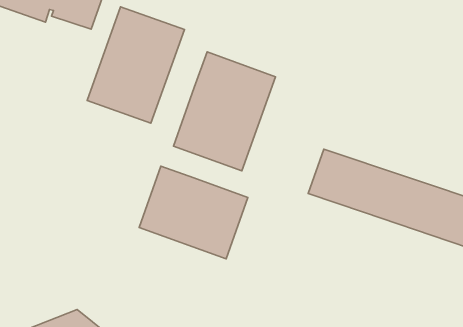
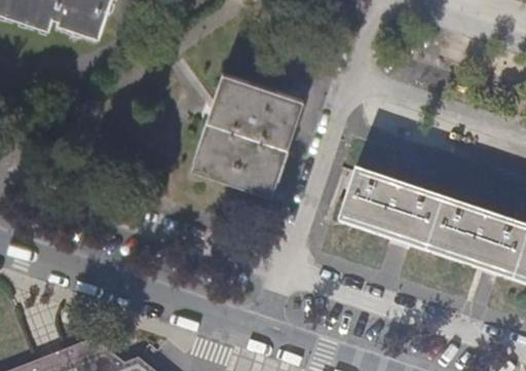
building: [87,7,185,123] -> none
building: [139,166,248,259] -> none

